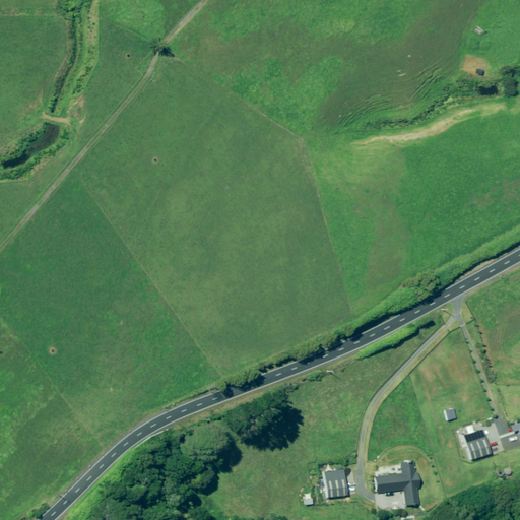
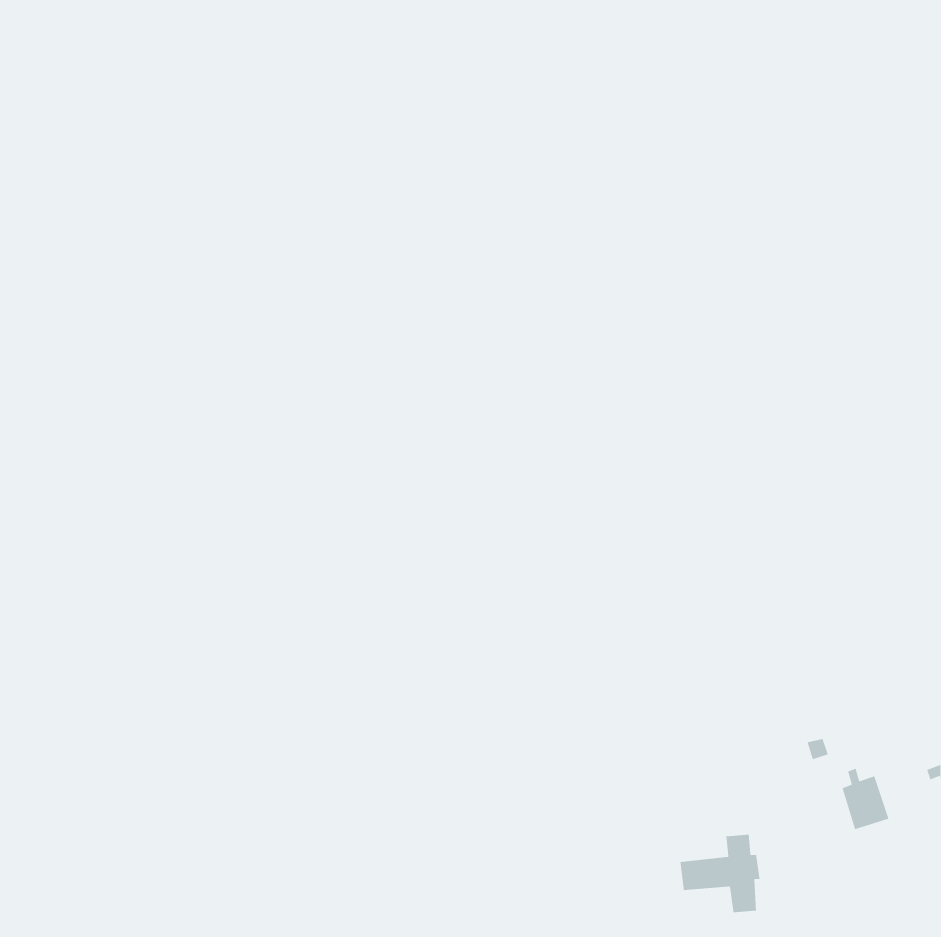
building: [324,468,346,496] -> none

